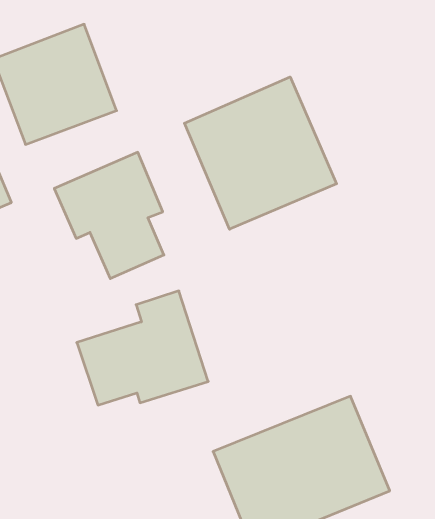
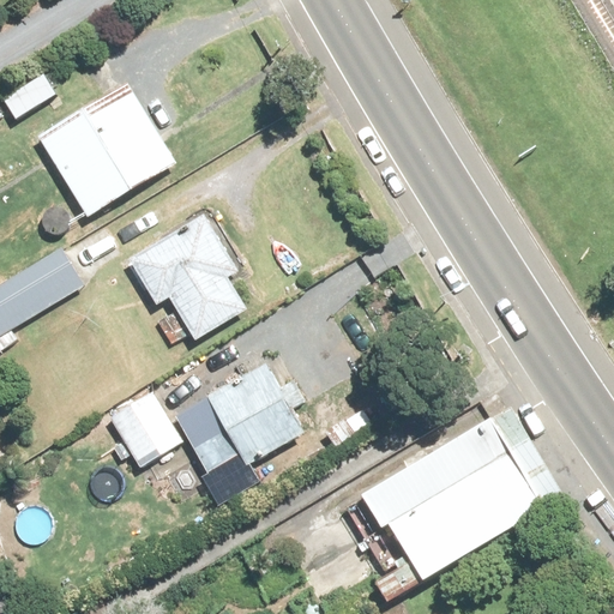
building: [184,77,337,229] -> none
building: none -> [108,390,185,470]

